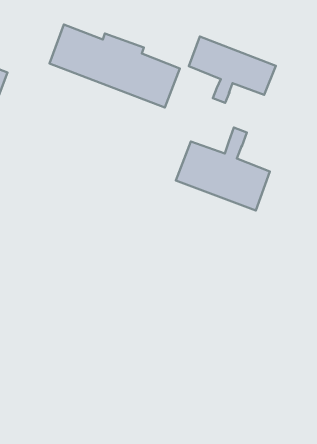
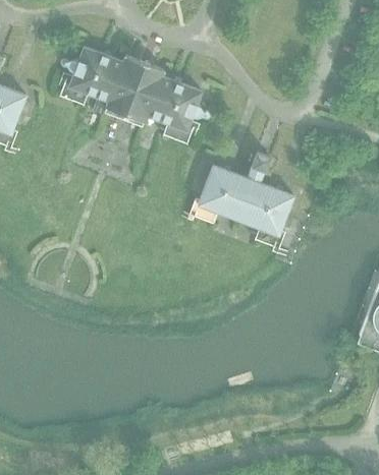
building: [189,37,276,103] -> none

